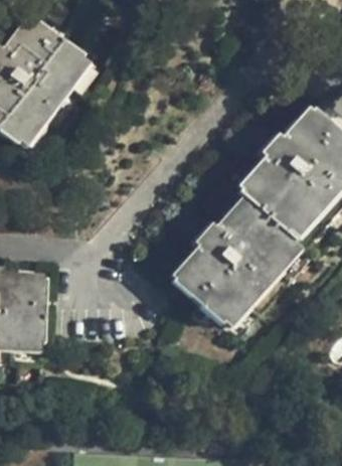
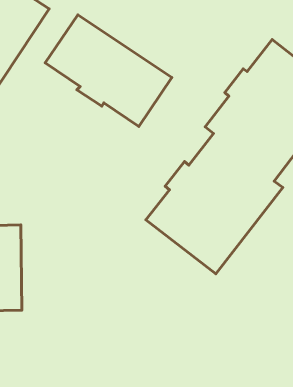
building: none -> [45,15,172,126]

